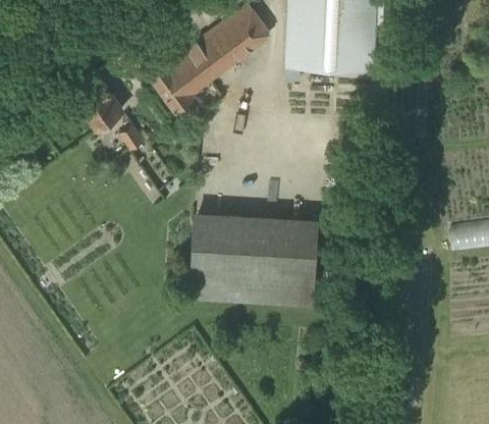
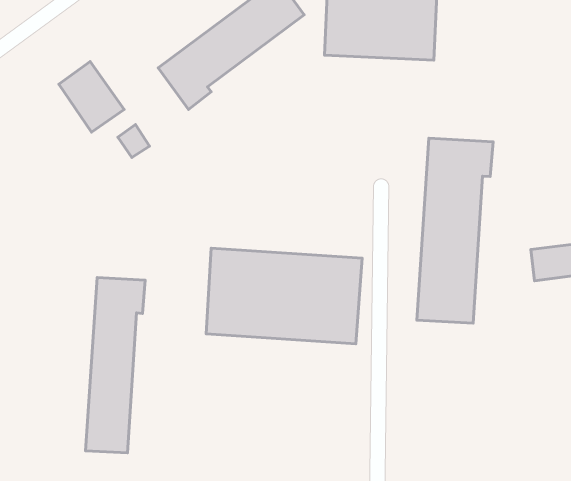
building: none -> [417,138,493,323]
building: none -> [86,278,145,453]

